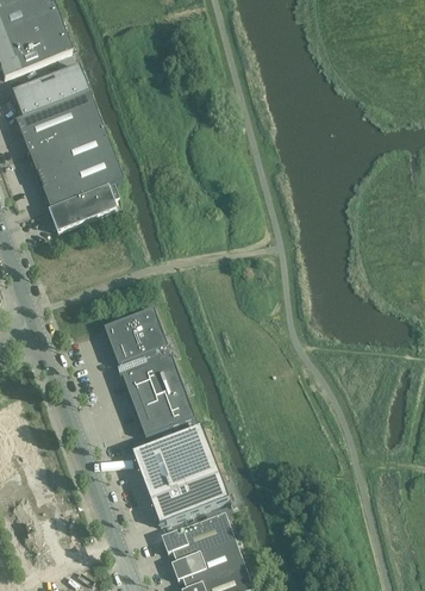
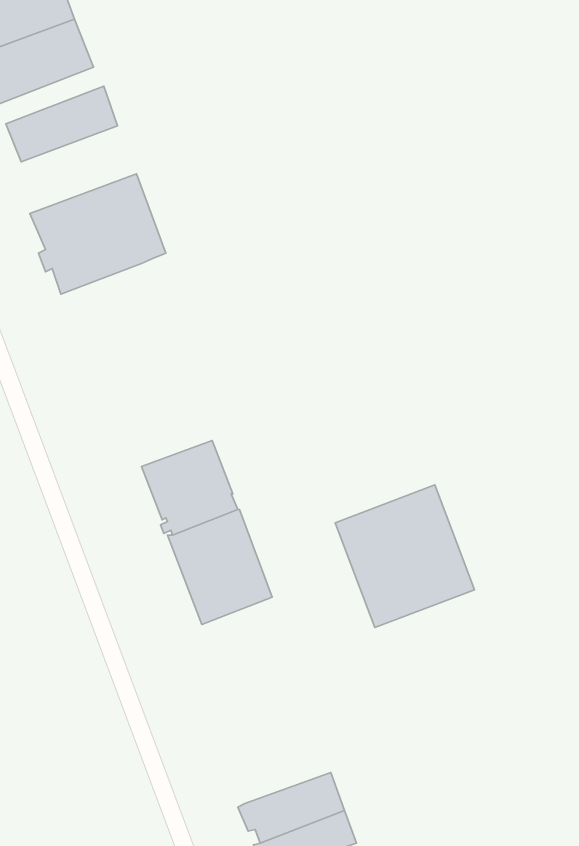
building: [15,89,101,150] -> none
building: [49,181,118,229] -> none
building: [133,424,230,523] -> [335,485,475,628]
building: [162,510,236,559] -> none

